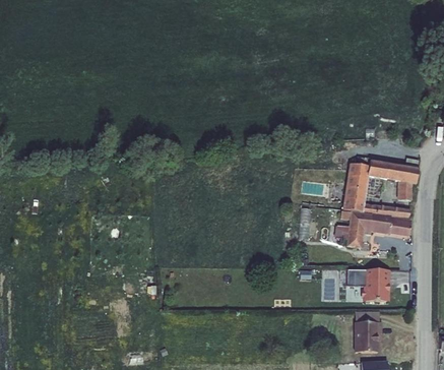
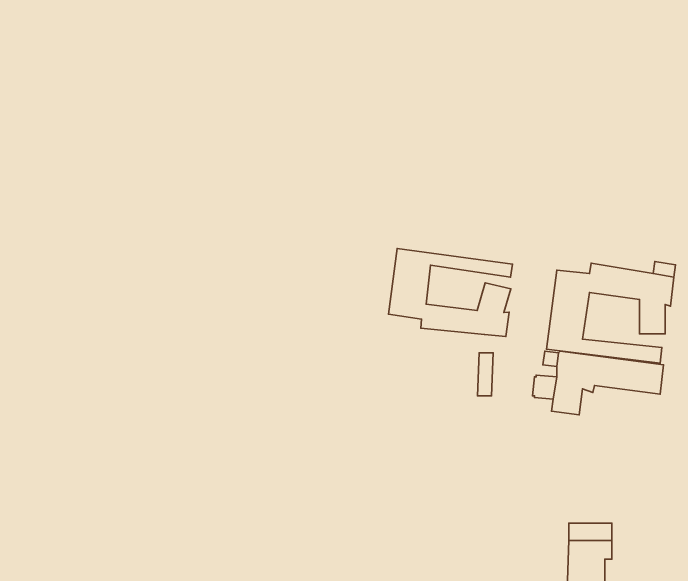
building: none -> [388,248,513,337]
building: [347,269,390,302] -> none

